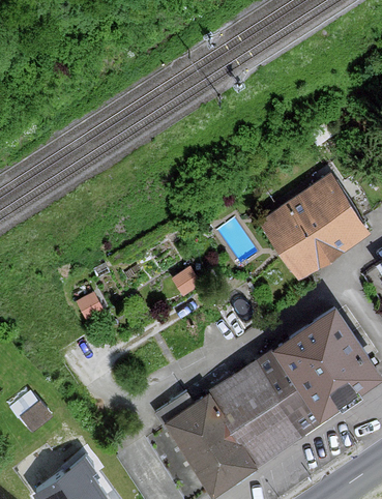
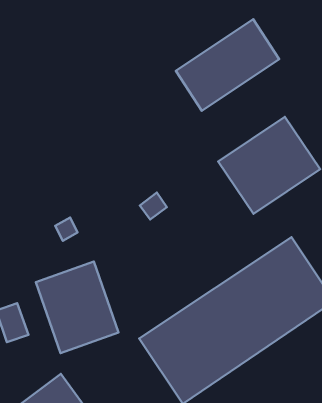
building: none -> [176,19,279,111]
building: none -> [36,262,118,353]

